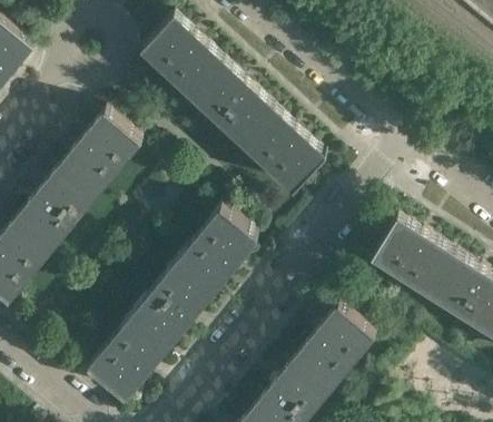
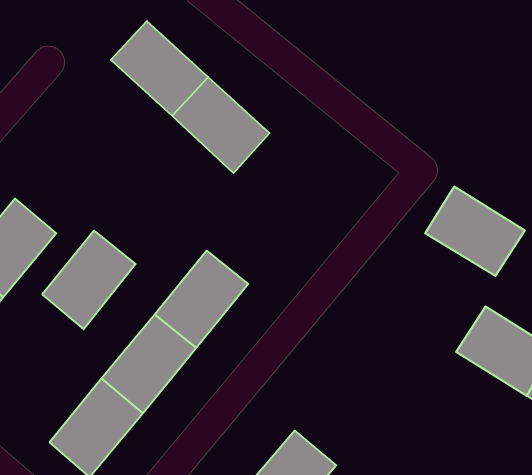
building: [243,114,324,194] -> none
building: [60,115,138,197] -> [42,231,136,329]
building: [369,222,453,296] -> [425,187,525,276]
building: [294,308,373,391] -> none

